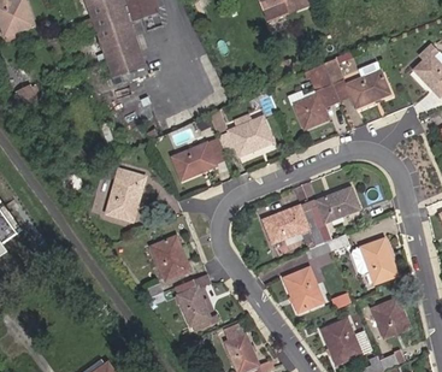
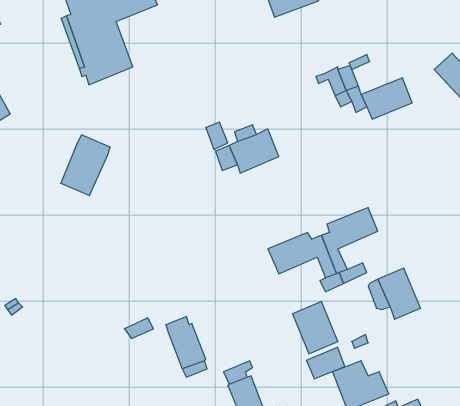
building: [293,95,328,130] -> none
building: [171,141,216,178] -> none
building: [105,171,148,224] -> [61,135,110,196]
building: [151,236,188,281] -> none
building: [369,297,407,337] -> none
building: none -> [307,347,345,379]

